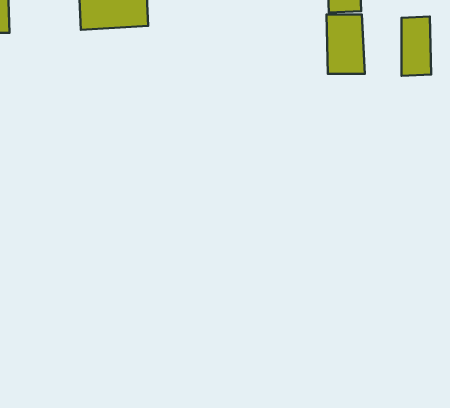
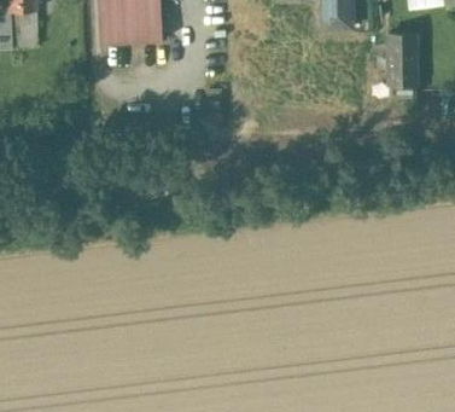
building: [327,14,365,74] -> none

